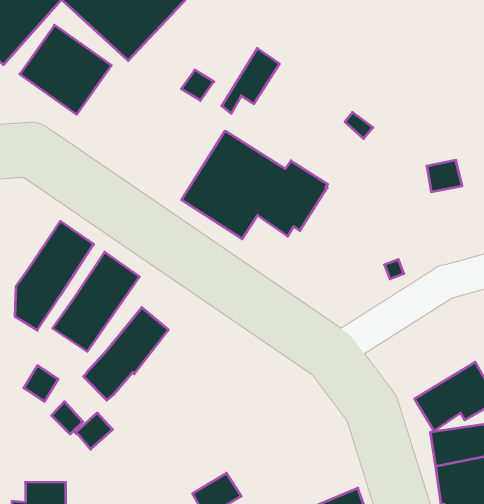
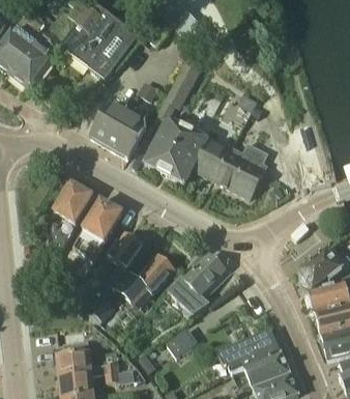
building: [20,25,111,114] -> [91,104,147,158]
building: none -> [212,142,269,198]
building: none -> [115,253,176,311]
building: none -> [168,254,226,319]

